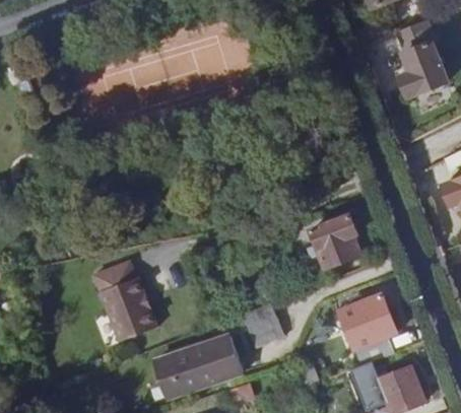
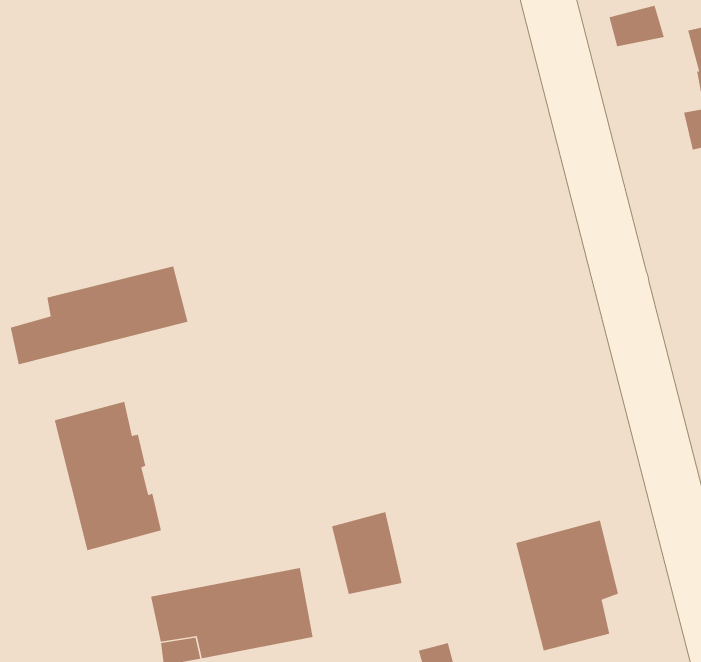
building: none -> [10,265,189,365]
building: [310,214,360,271] -> none

